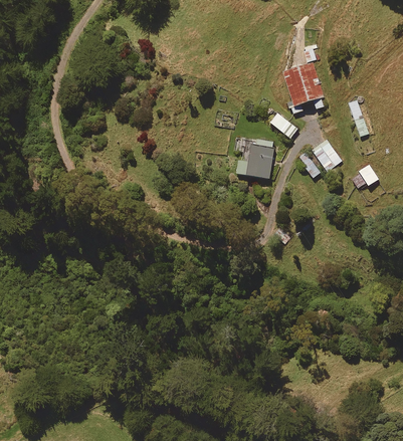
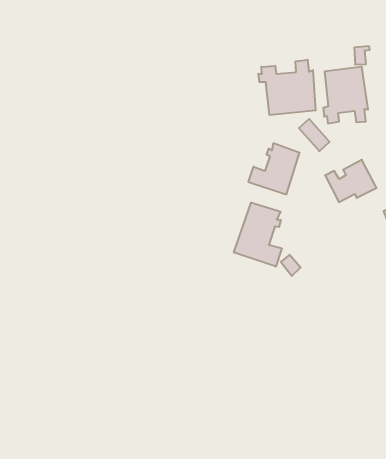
building: none -> [258,60,315,115]
building: none -> [234,203,282,267]

